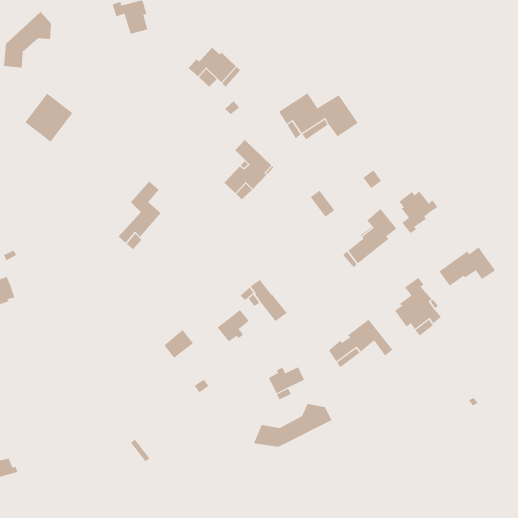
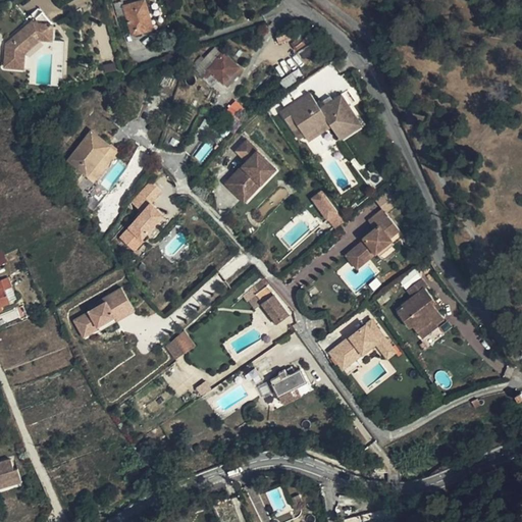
building: [24,93,73,143] -> [67,132,116,181]
building: [398,191,438,234] -> none
building: [438,247,496,287] -> none
building: none -> [70,292,134,338]
building: [217,309,250,342] -> none
building: [253,403,332,448] -> none

